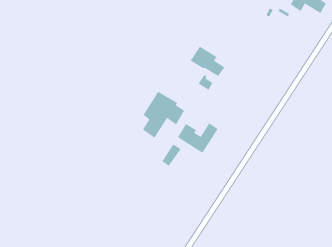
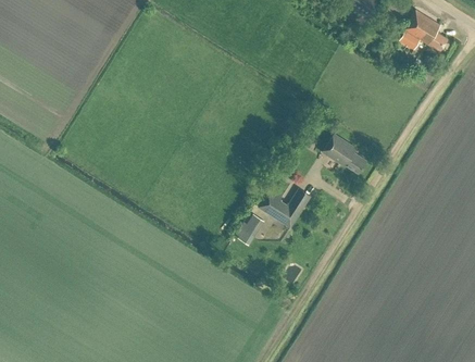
building: [190,46,225,77] -> [323,135,367,174]
building: [142,91,185,138] -> none

